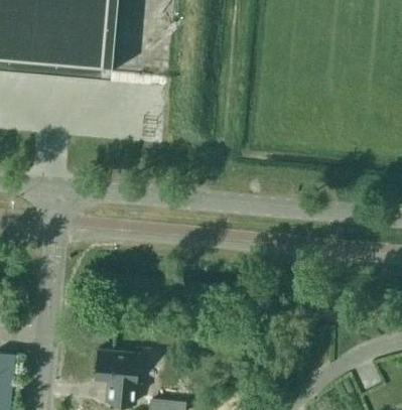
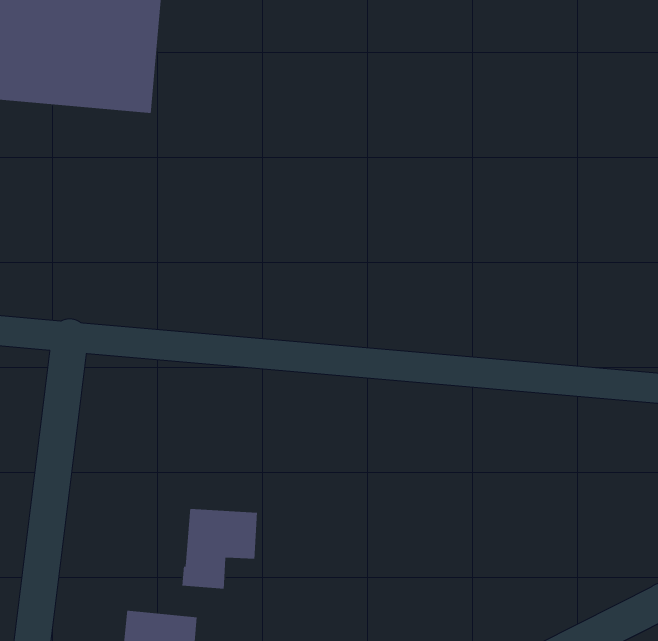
building: none -> [182,508,258,590]

